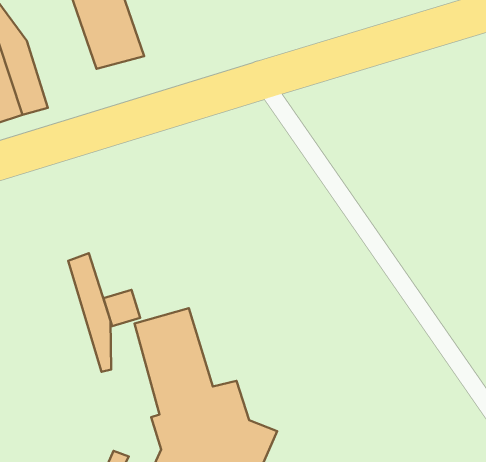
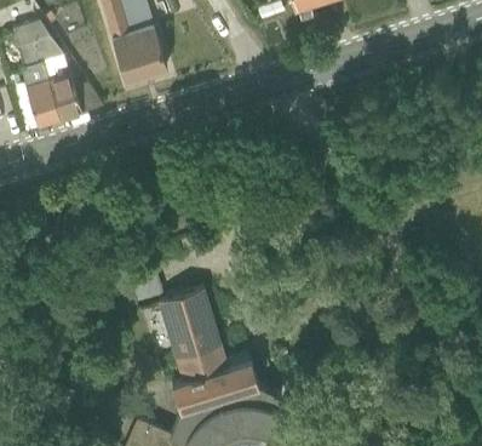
building: [68,253,111,372] -> none

